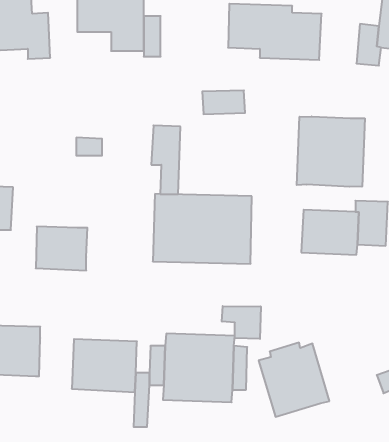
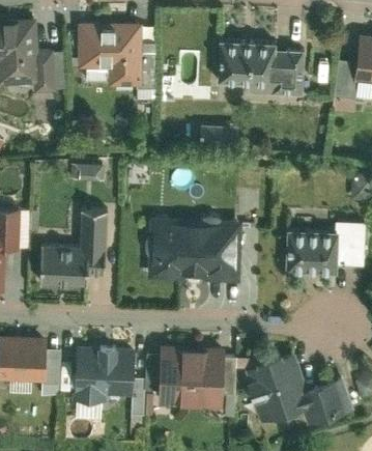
building: [297,116,365,187] -> none
building: [151,125,180,194] -> [79,212,106,275]
building: [222,306,261,339] -> none
building: none -> [40,349,58,396]
building: none -> [303,378,351,424]

